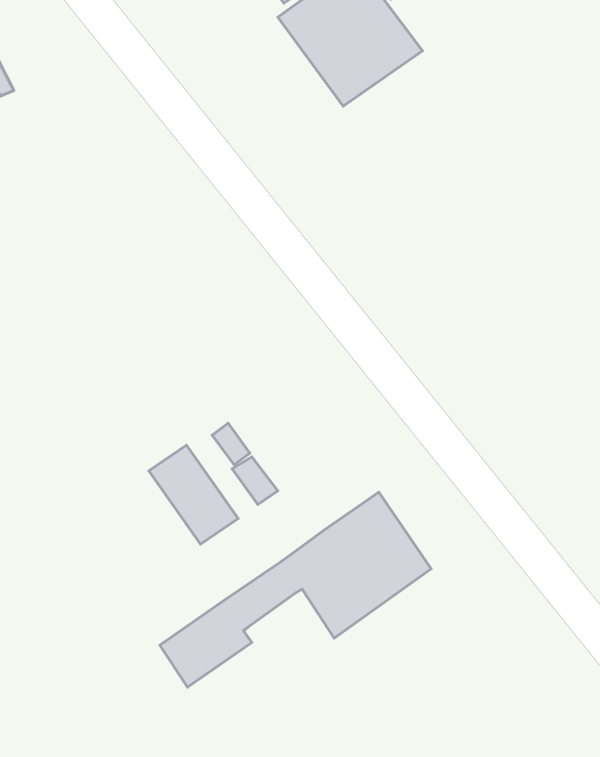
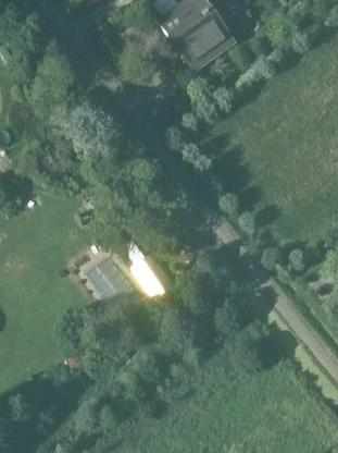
building: [160,492,431,687] -> none

